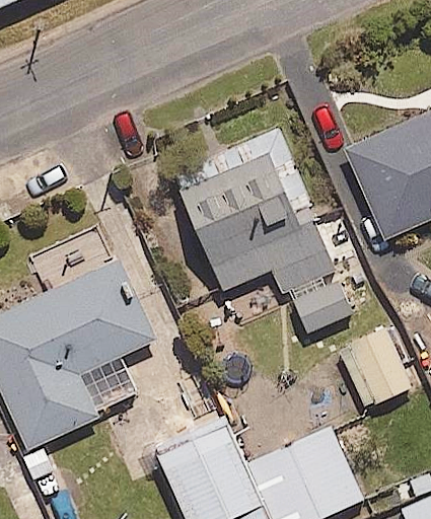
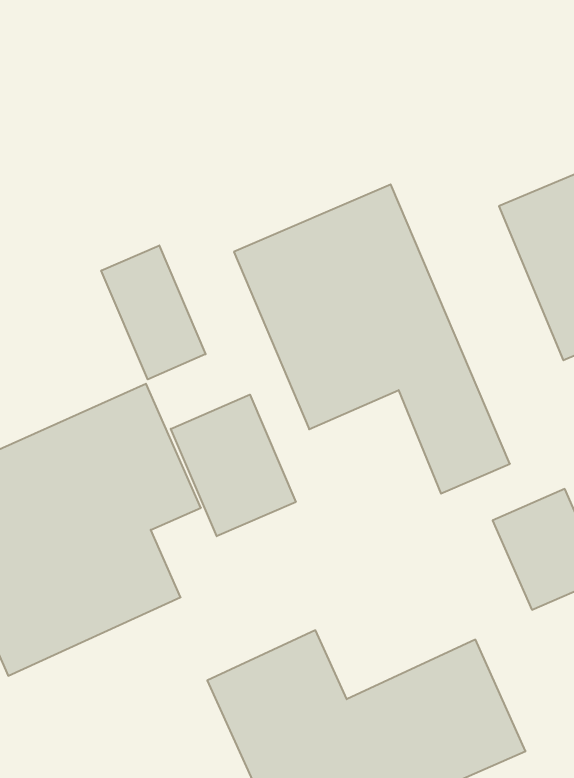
building: none -> [101,245,206,379]
building: none -> [171,395,296,536]

